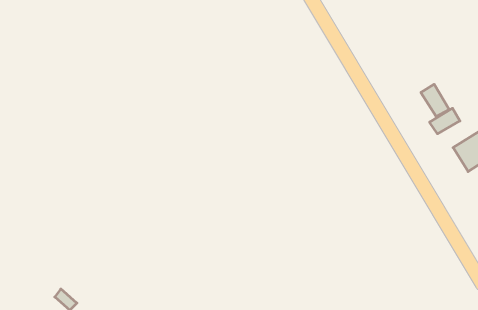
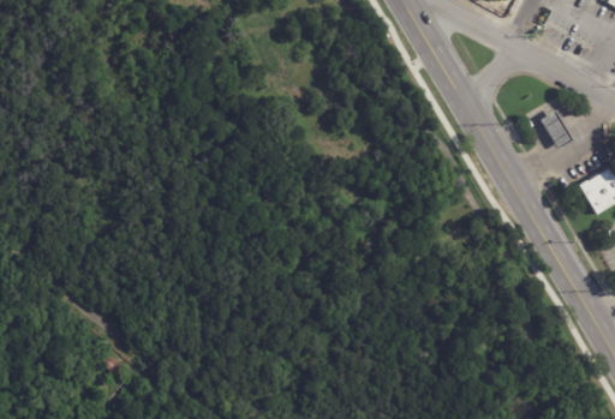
building: [430,108,460,134] -> none

